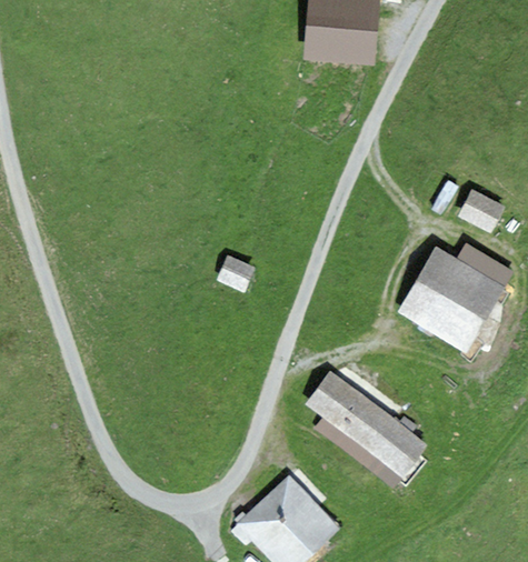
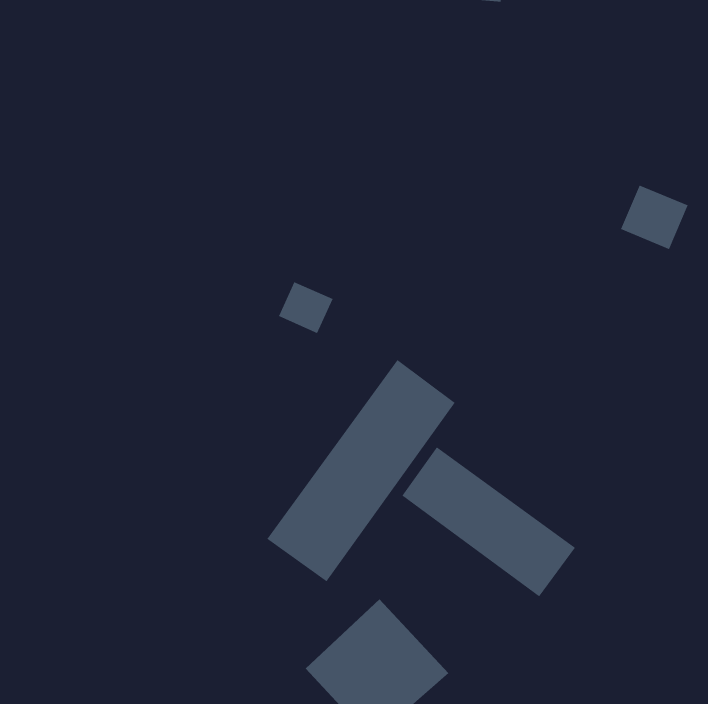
building: [398,245,505,351] -> none
building: none -> [267,359,456,582]

